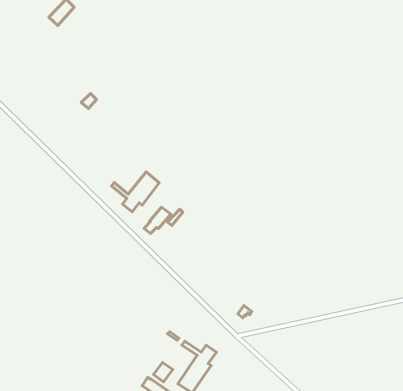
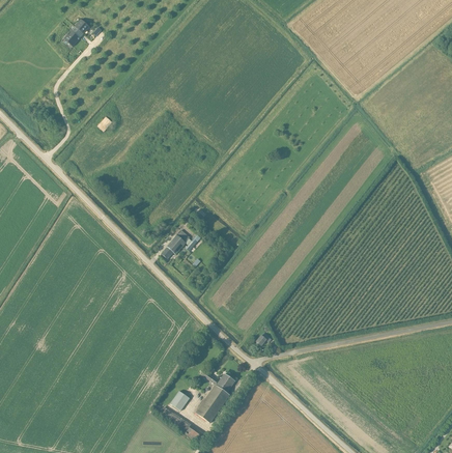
building: [112,172,159,212] -> none

